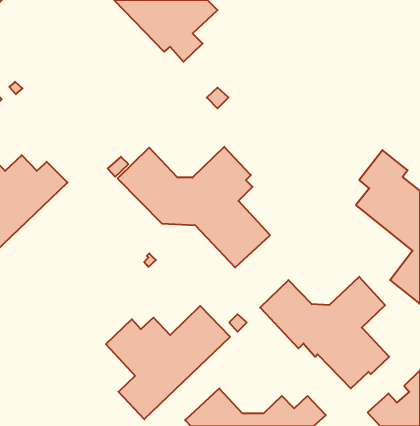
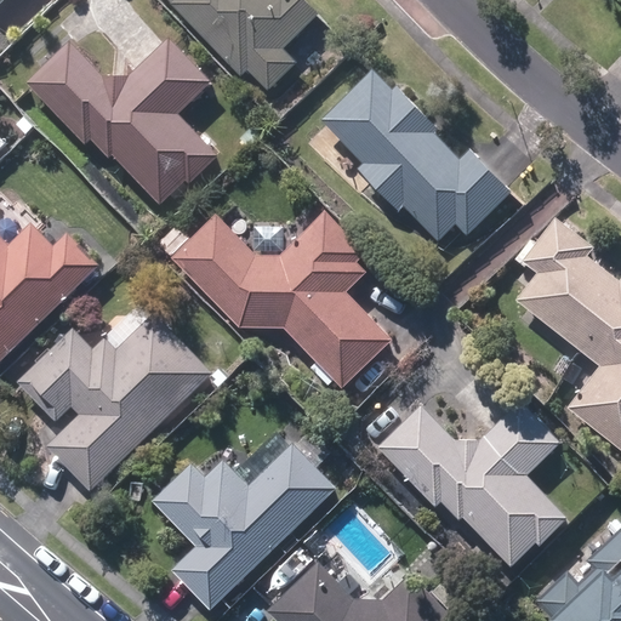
building: none -> [27,41,217,204]
building: none -> [321,72,509,240]
building: none -> [18,306,211,490]

